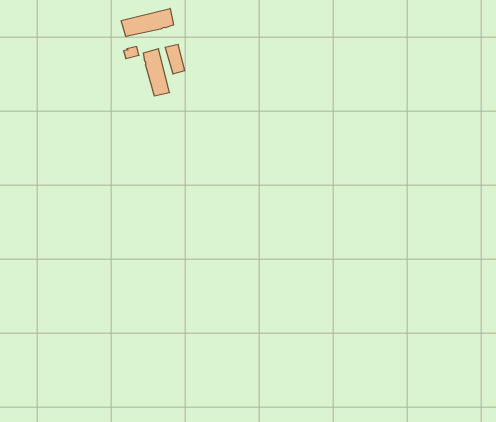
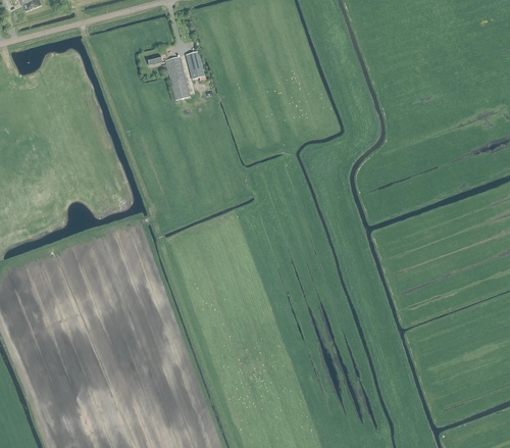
building: [121,8,174,37] -> none

